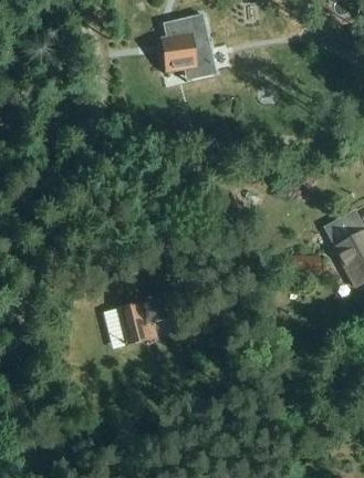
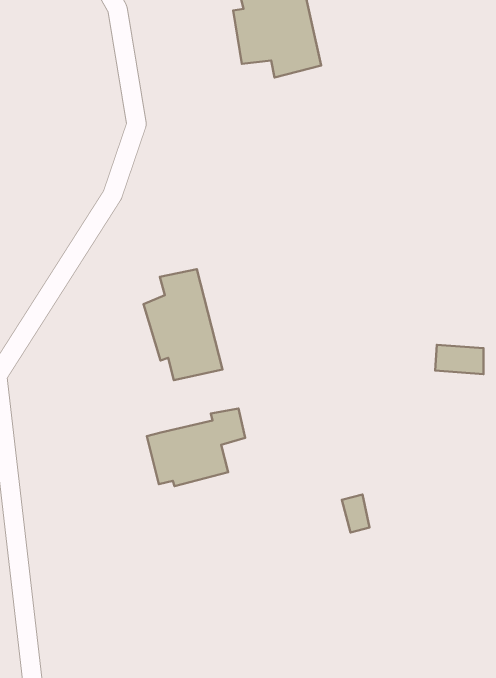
building: none -> [143,269,223,380]

